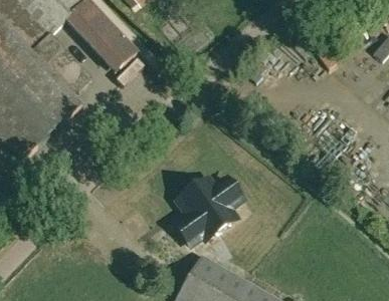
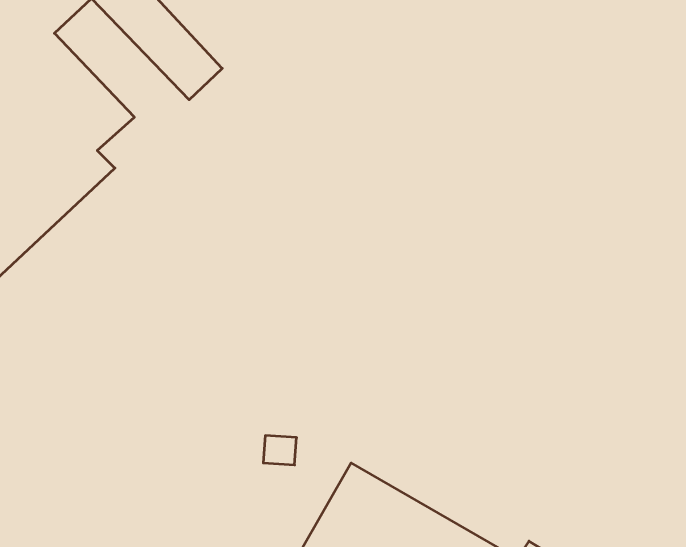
building: [174,178,240,244] -> none

